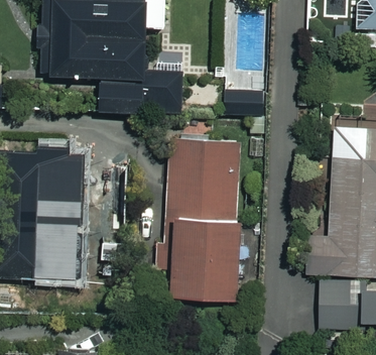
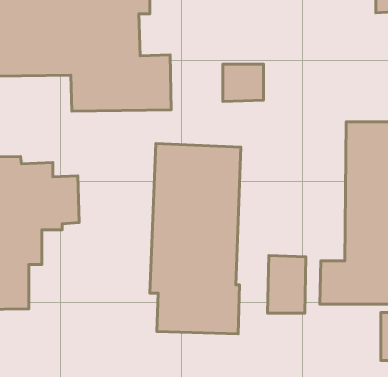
building: [319,280,351,329] -> [268,256,306,313]

